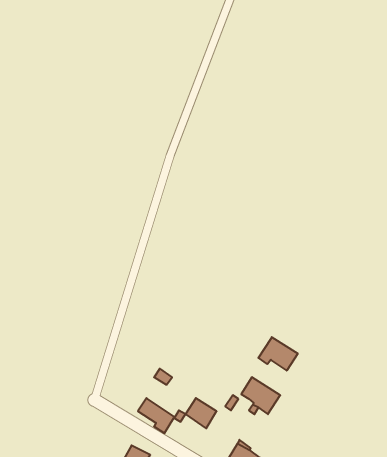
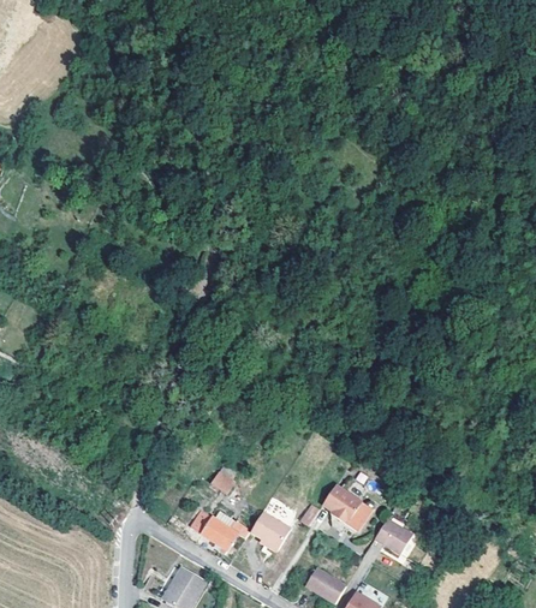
building: [258,337,298,371] -> none
building: none -> [376,515,415,552]

